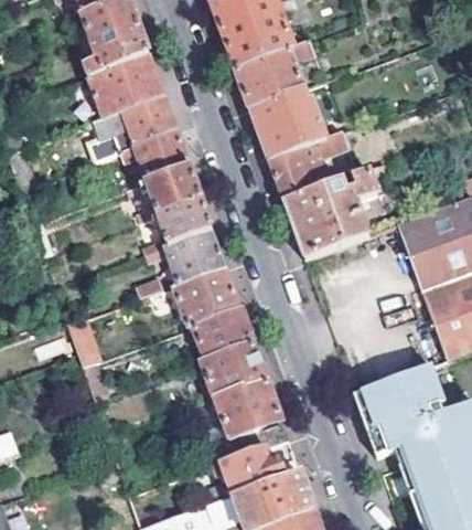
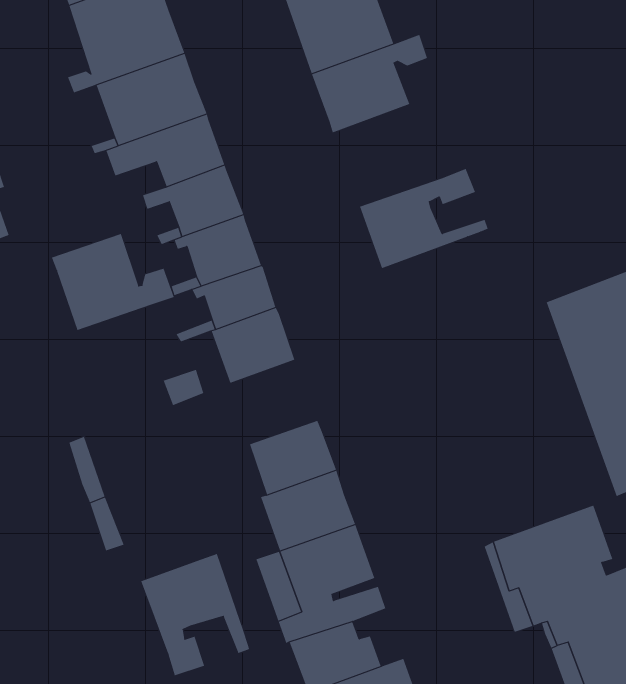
building: [250,88,326,159] -> none
building: [285,171,378,259] -> none
building: none -> [51,233,175,331]
building: [173,265,240,326] -> none
building: none -> [140,553,250,676]

